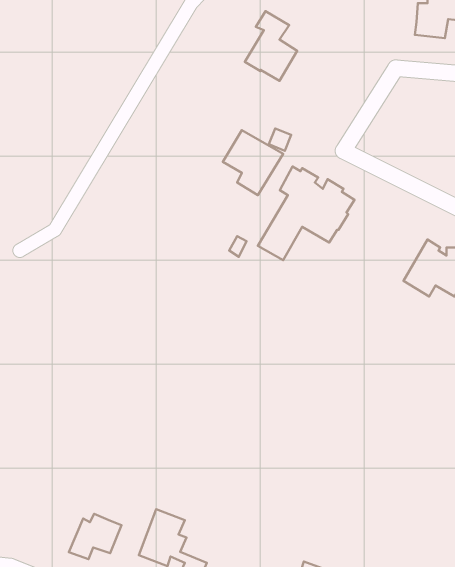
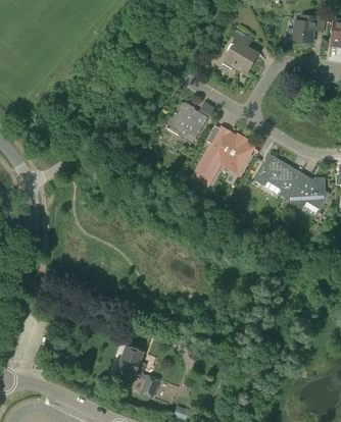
building: [245,11,297,81] -> [224,30,257,74]
building: none -> [254,154,301,199]
building: [69,514,122,559] -> none

